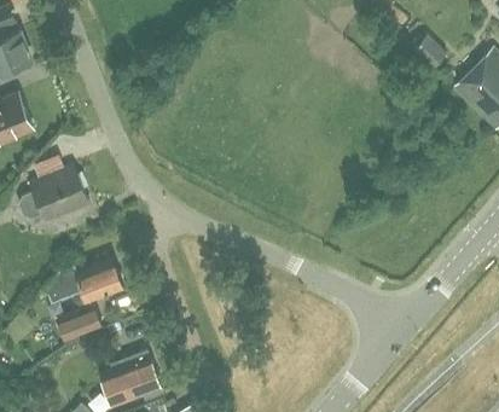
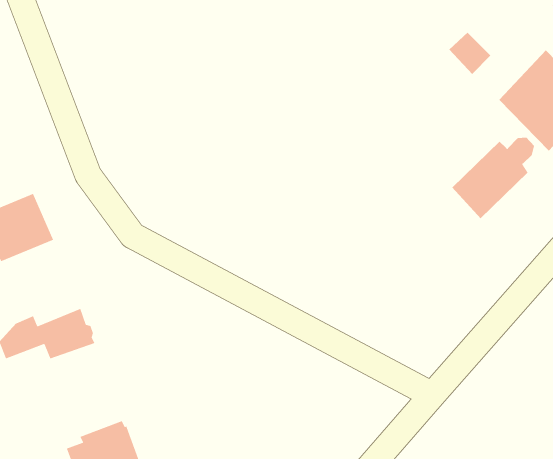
building: none -> [451,137,535,219]
building: [56,304,101,342] -> none

